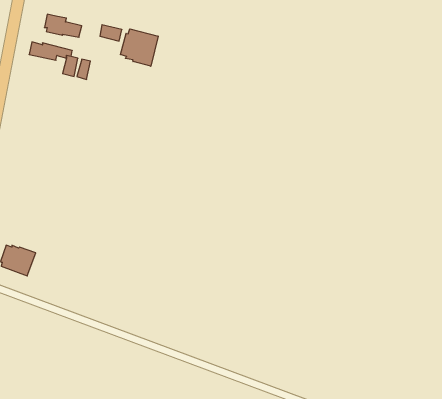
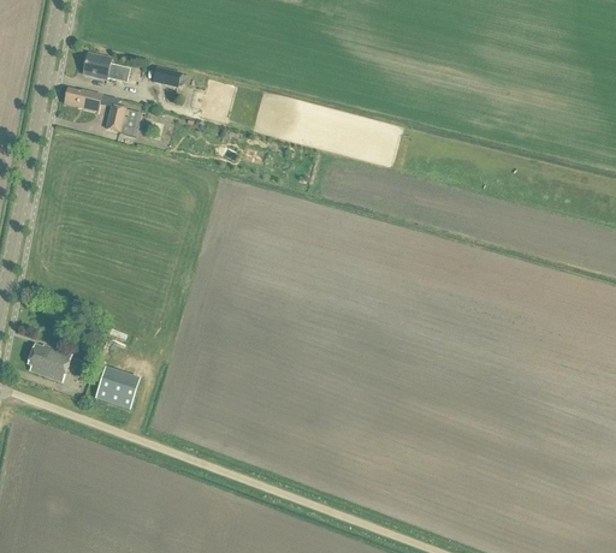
building: [120,29,158,66] -> none
building: none -> [100,367,143,408]

